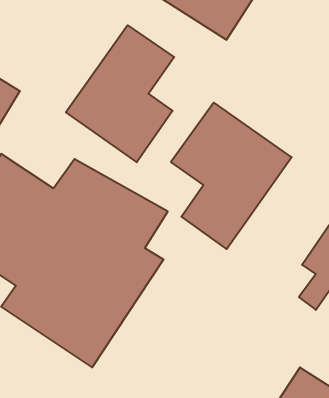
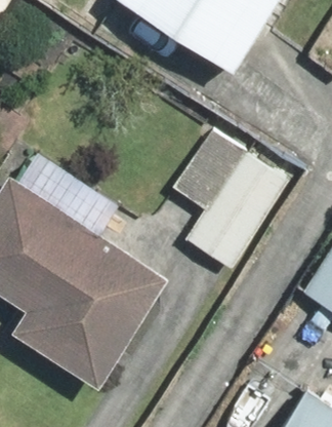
building: [66,25,174,162] -> none

